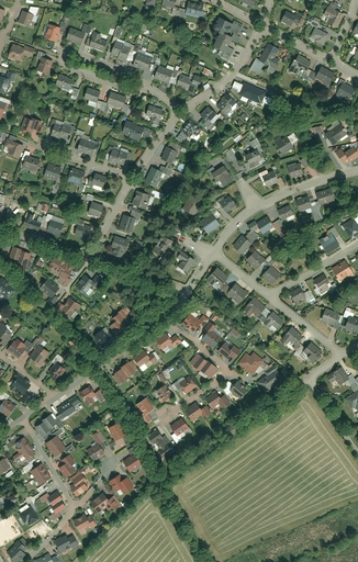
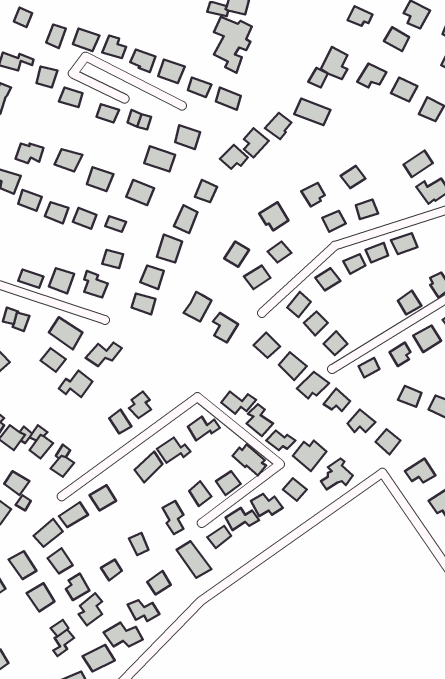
building: [212,18,242,61] -> [214,17,252,73]

